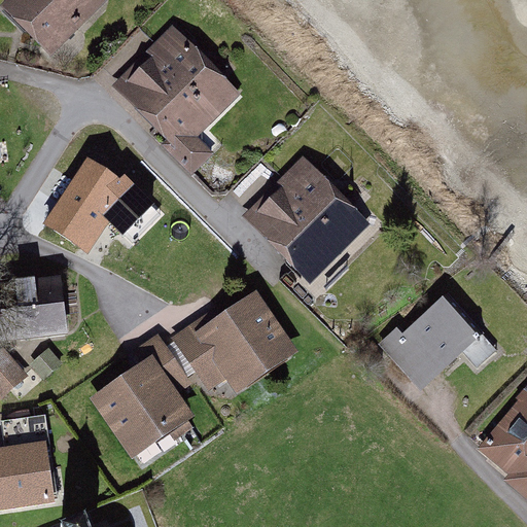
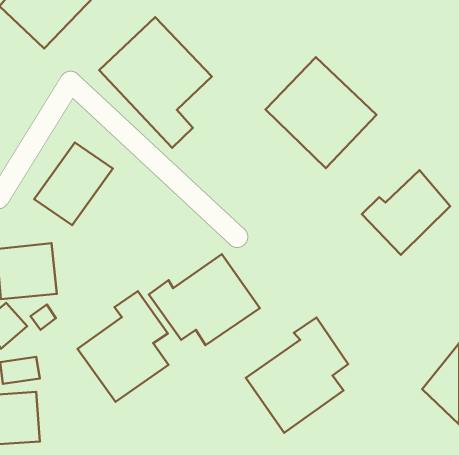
building: [247,151,374,278] -> [265,57,376,168]
building: [382,292,483,389] -> [362,170,450,255]
building: none -> [246,318,348,433]

